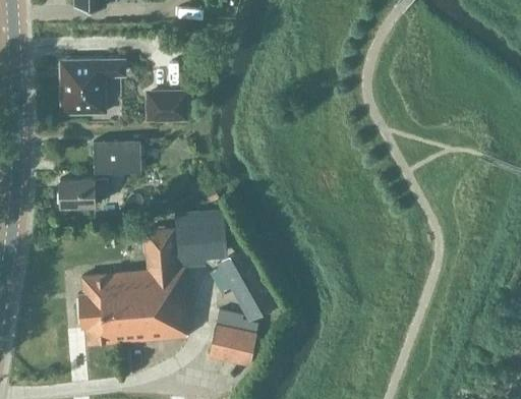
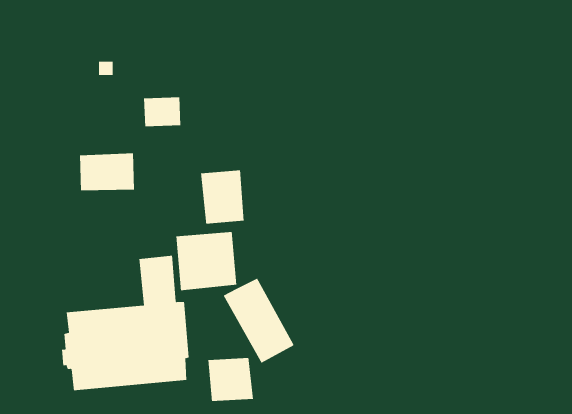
building: [61,64,105,115] -> none
building: none -> [201,169,244,225]
building: [59,181,108,209] -> none

